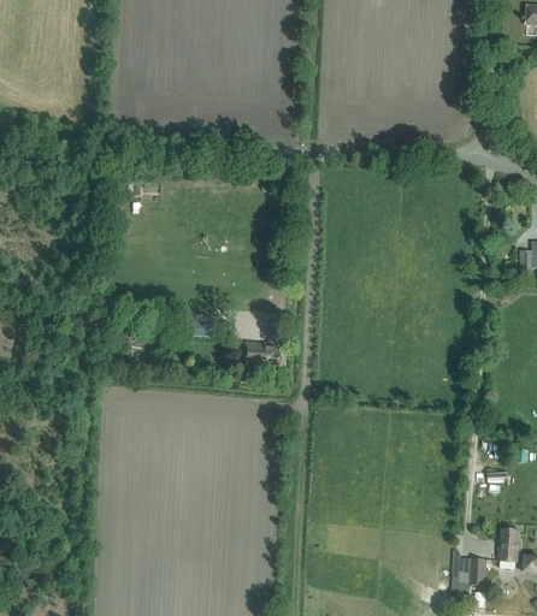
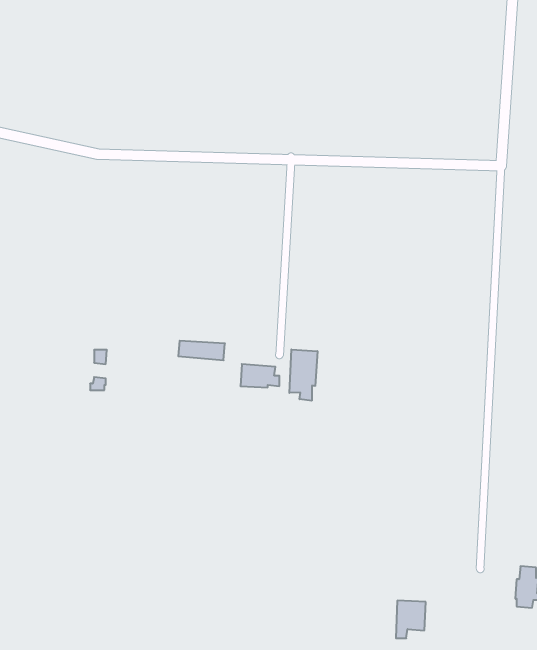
building: none -> [289,349,317,401]
building: [459,556,486,591] -> [396,601,426,638]

